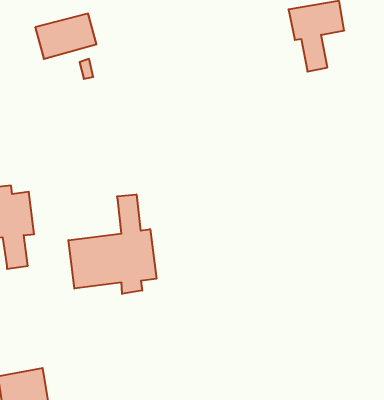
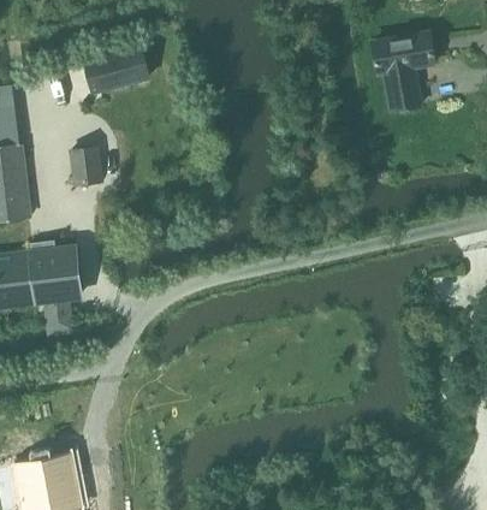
building: none -> [70,147,101,186]
building: [68,194,156,294] -> none

